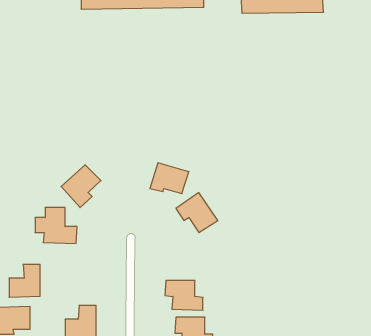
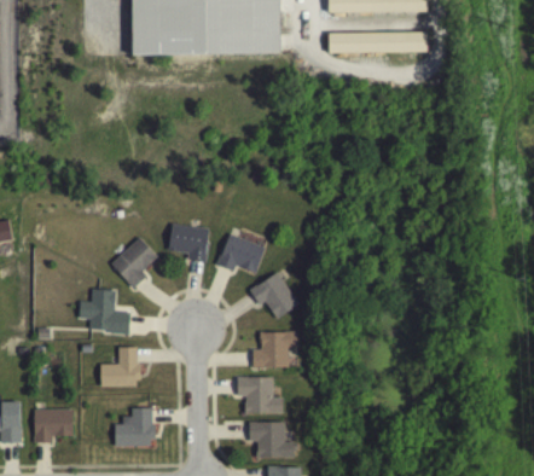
building: none -> [168,224,209,261]
building: none -> [251,331,297,367]
building: [9,264,40,297] -> [100,347,138,387]

